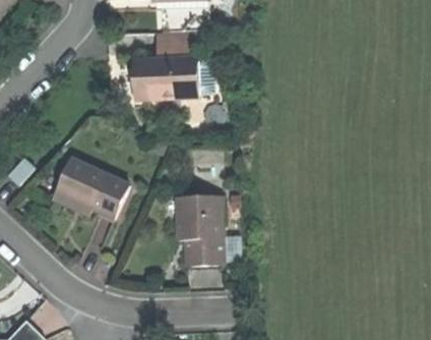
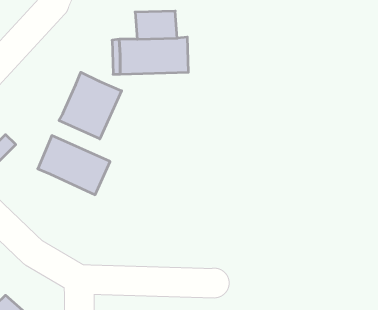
building: none -> [59,72,122,139]
building: [176,196,222,267] -> none

